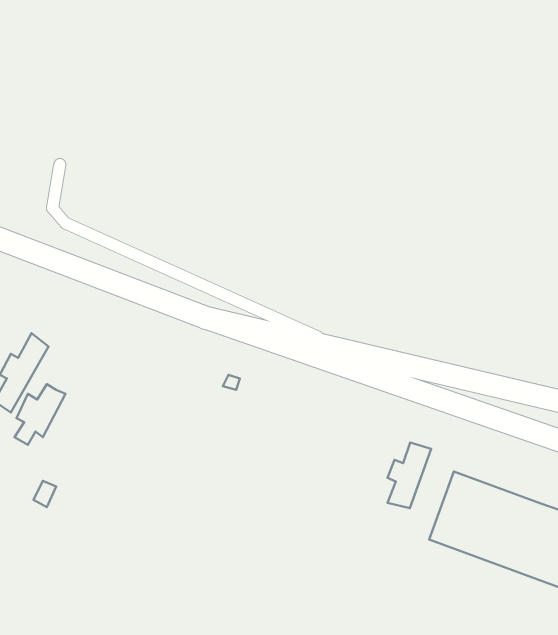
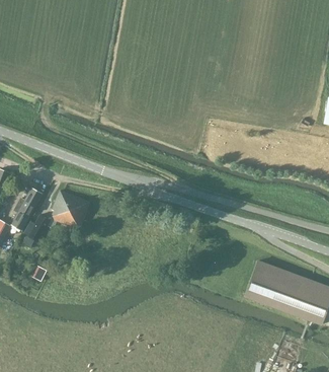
building: none -> [51,190,88,229]
building: [387,443,431,508] -> none

